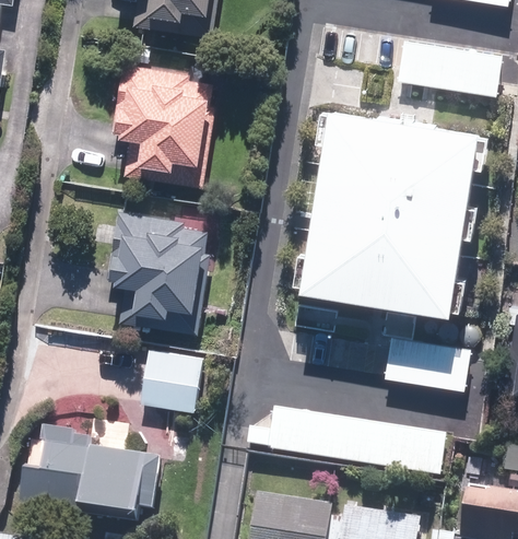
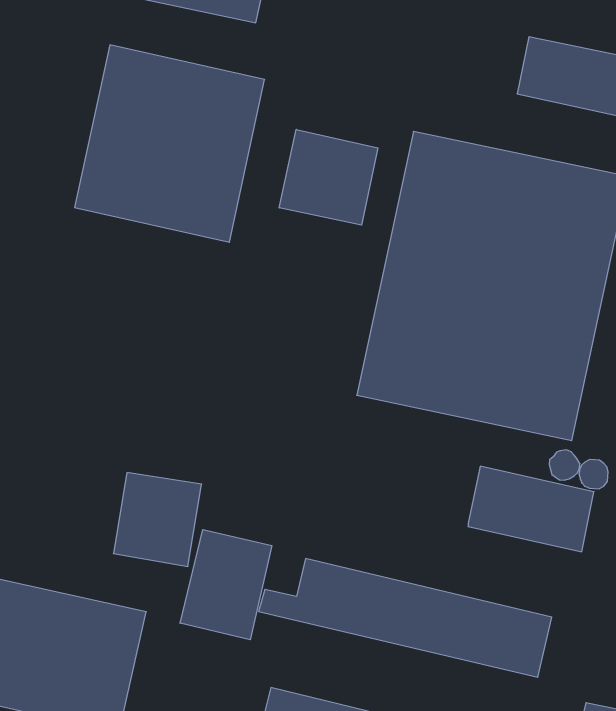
building: none -> [279,129,378,225]
building: [97,212,219,325] -> none
building: none -> [180,530,272,640]

